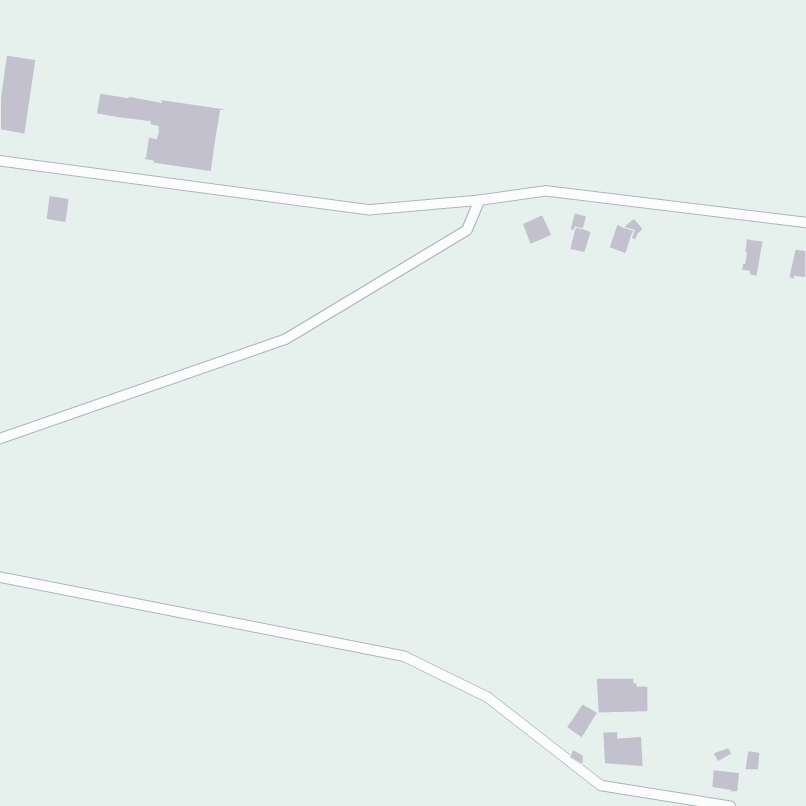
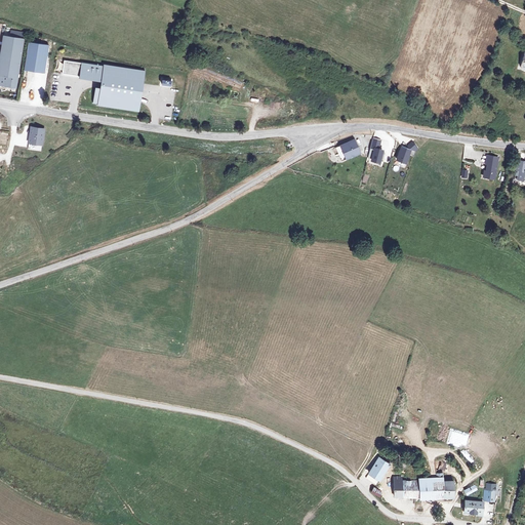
building: none -> [25,42,49,73]
building: [596,678,648,713] -> [417,477,451,499]

